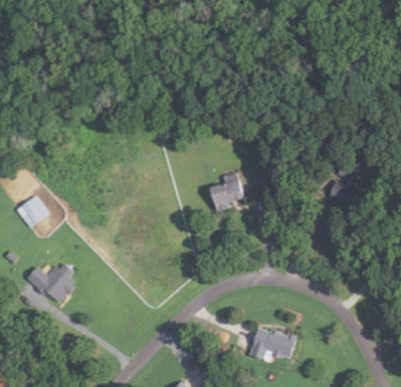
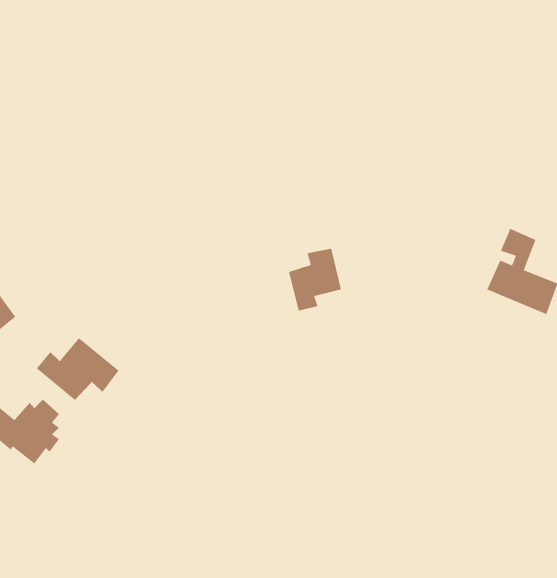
building: none -> [36,337,119,401]
building: [249,326,295,358] -> none

